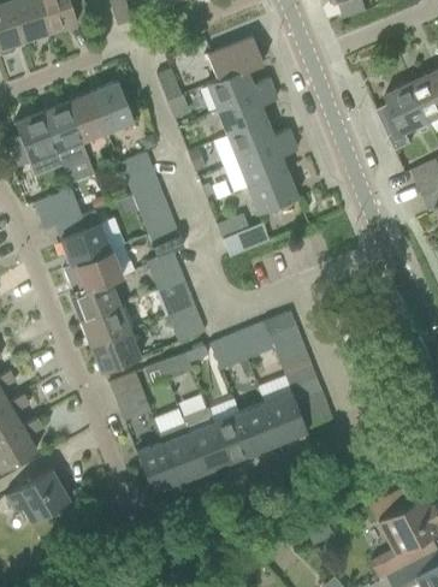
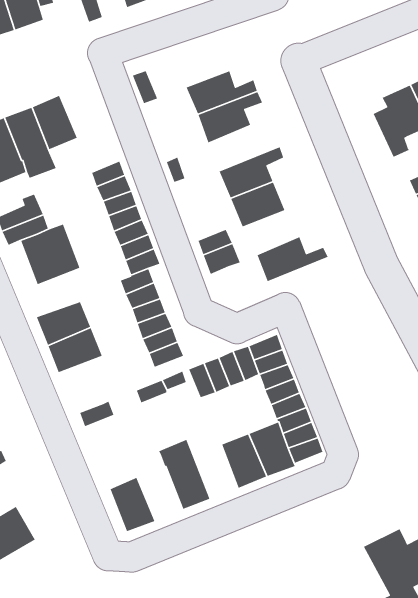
building: [207,37,264,85] -> none
building: [91,82,135,132] -> none
building: [227,120,294,162] -> [257,236,329,282]
building: [65,251,122,296] -> none
building: [90,332,141,374] -> none
building: [114,386,152,422] -> none
building: [214,413,255,463] -> none
building: [159,423,205,484] -> none

